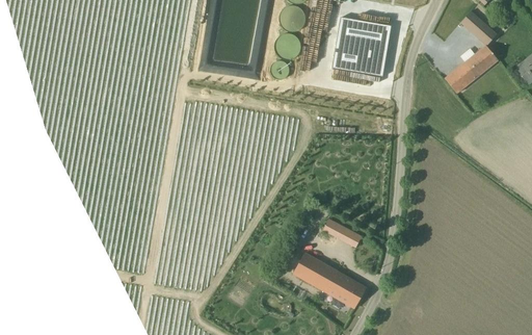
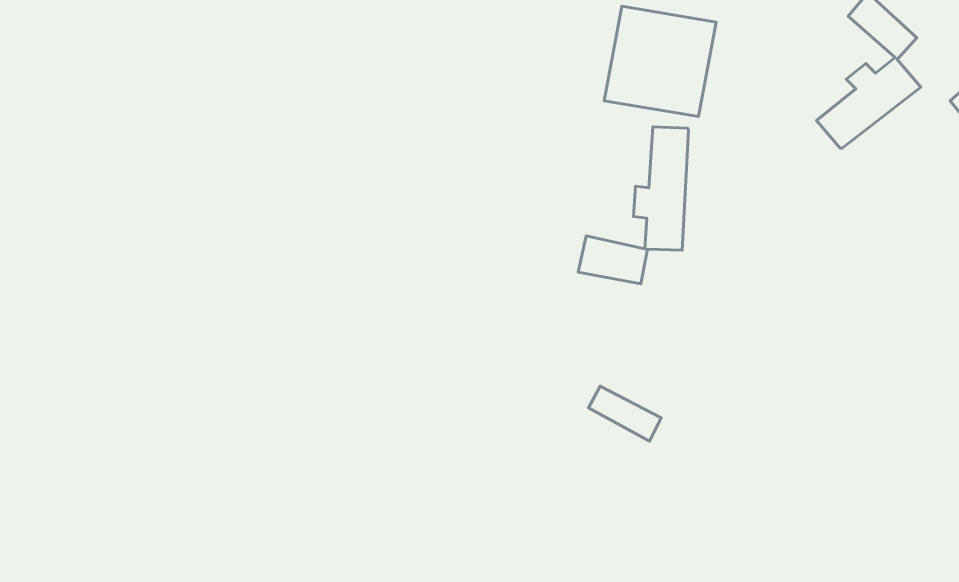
building: none -> [578,127,689,284]
building: [292,252,366,308] -> none

